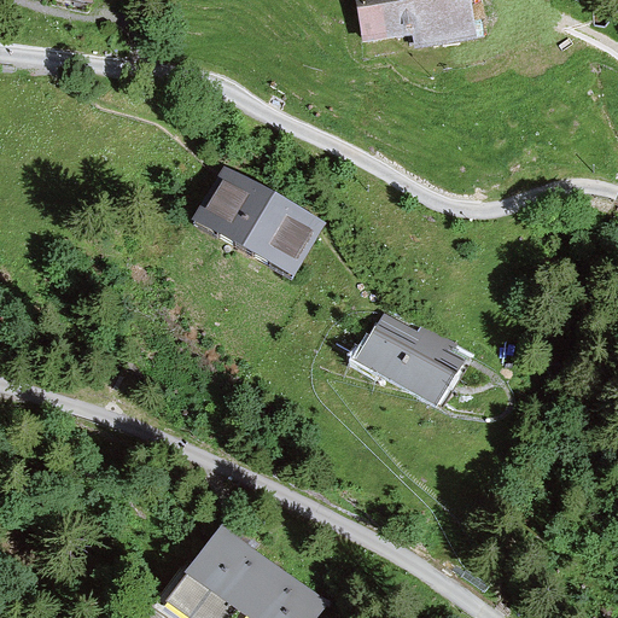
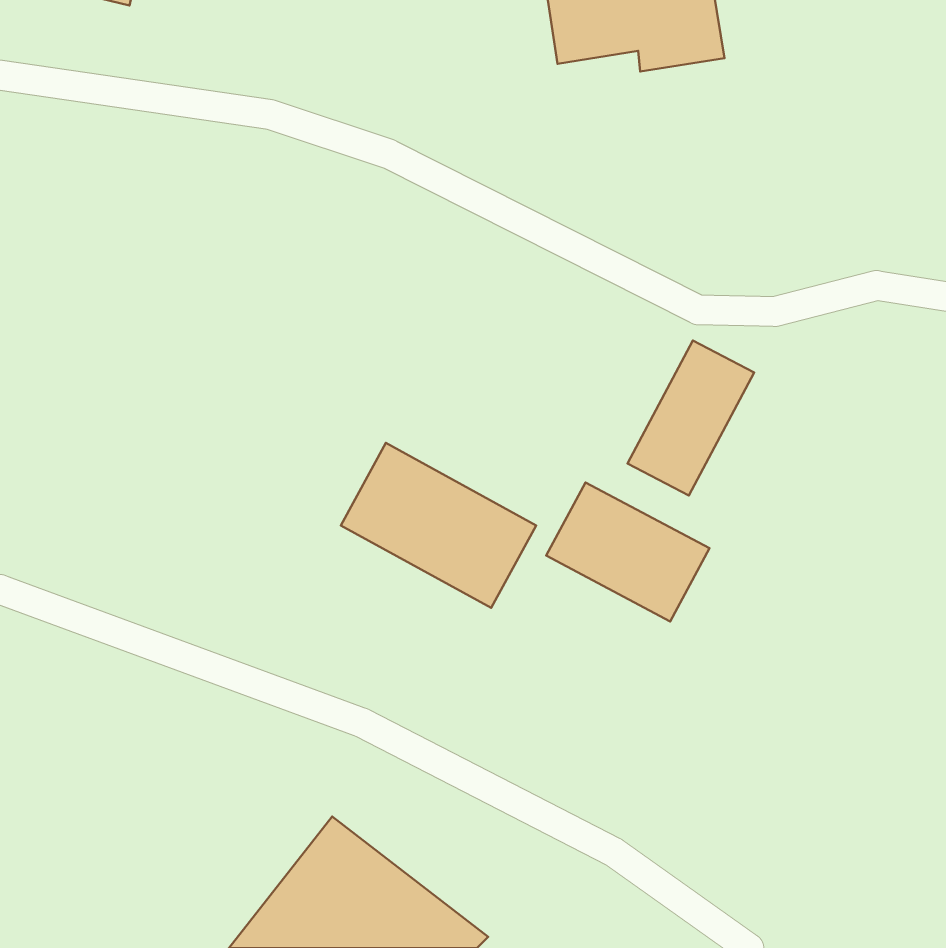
building: [197,169,322,275] -> [341,443,536,608]
building: none -> [628,340,754,495]

